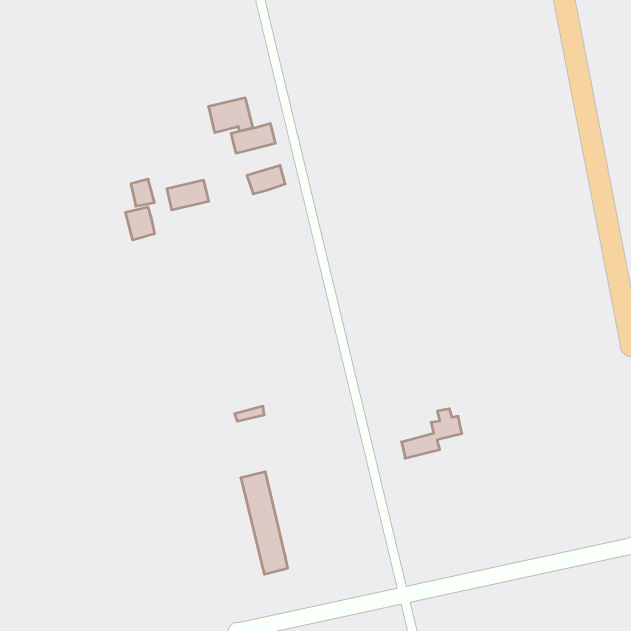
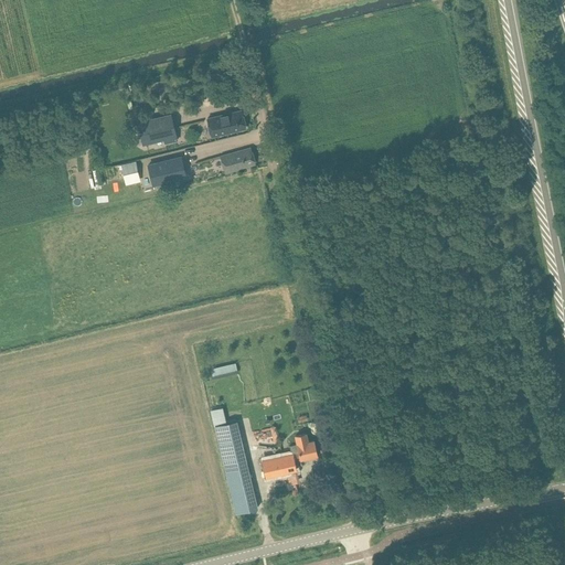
building: [208,98,253,133] -> [138,113,178,143]
building: [126,207,154,240] -> none
building: [401,409,462,458] -> [263,434,317,478]

